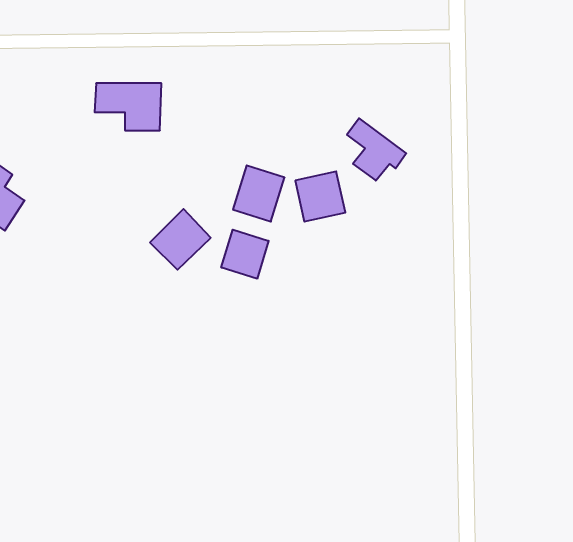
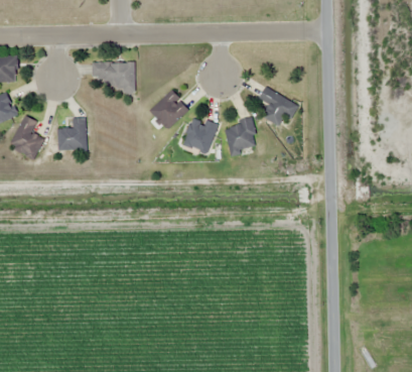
building: none -> [56,117,86,151]
building: [150,209,211,270] -> [148,90,188,130]
building: [221,230,269,279] -> none

